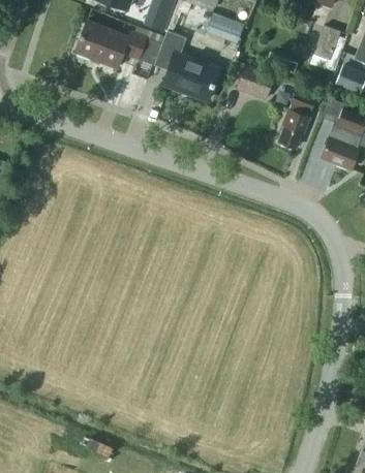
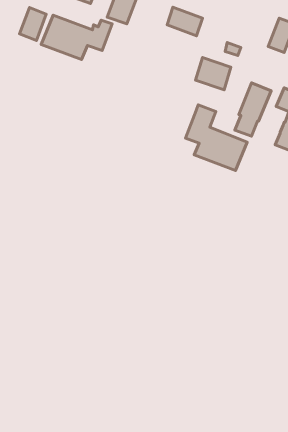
building: none -> [20,7,46,41]
building: [154,32,219,101] -> [185,105,247,171]

